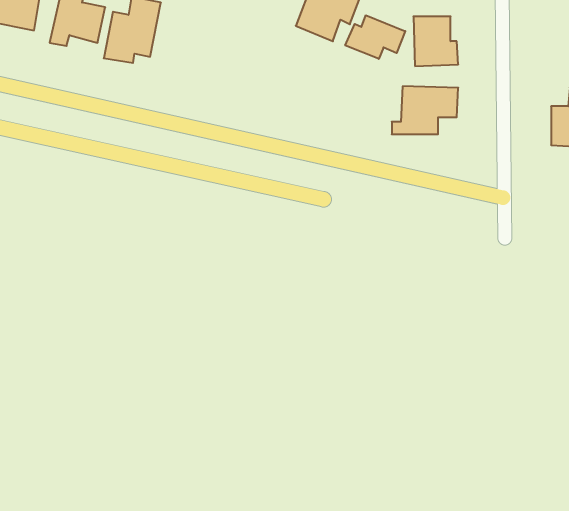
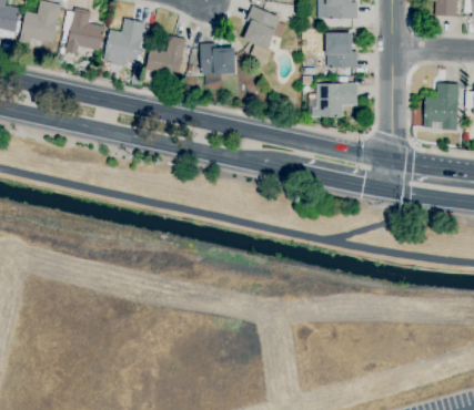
building: [345,15,405,59] -> none
building: none -> [147,37,184,76]
building: none -> [200,43,235,75]

